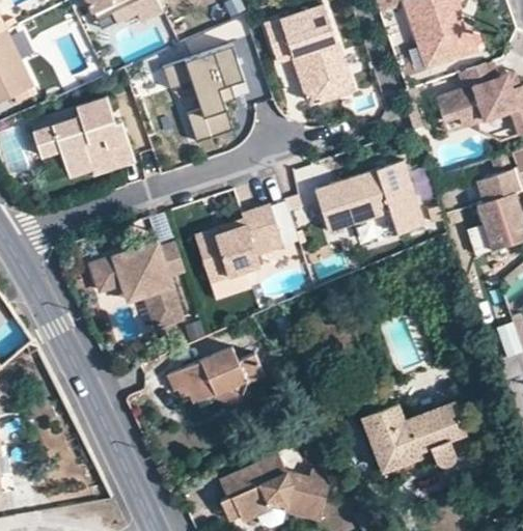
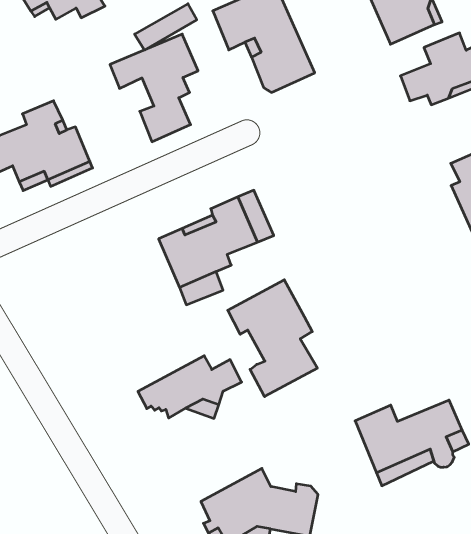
building: [318,155,426,227] -> none
building: [93,243,184,328] -> none
building: none -> [228,280,317,397]

